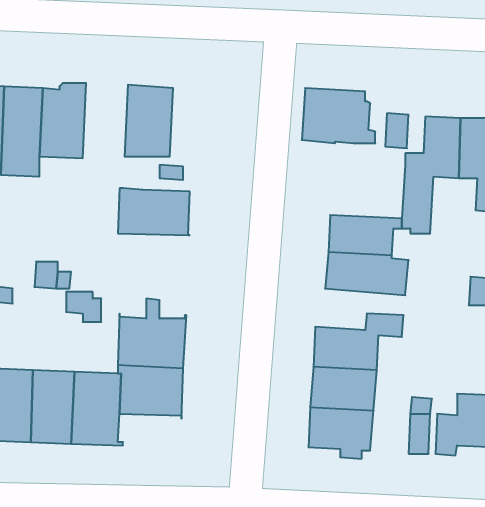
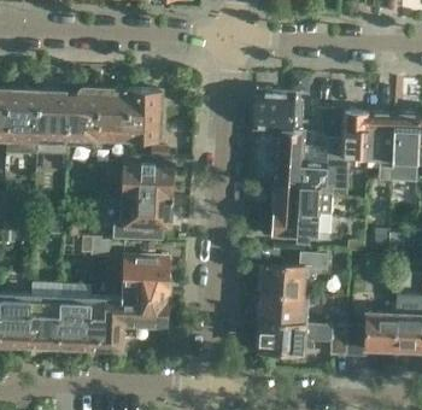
building: none -> [95,88,128,142]
building: none -> [274,130,328,186]
building: none -> [113,197,174,240]

